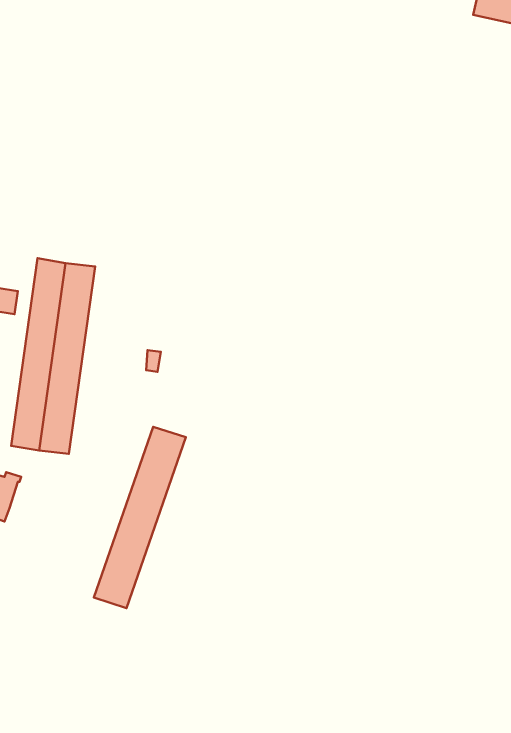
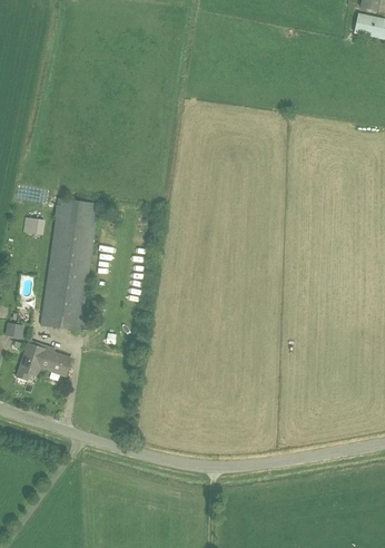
building: [94,427,186,608] -> none
building: none -> [39,348,70,375]

